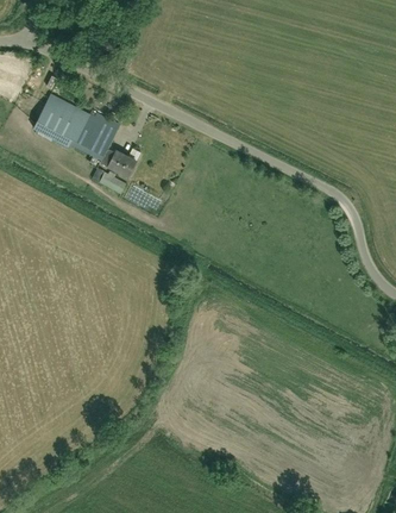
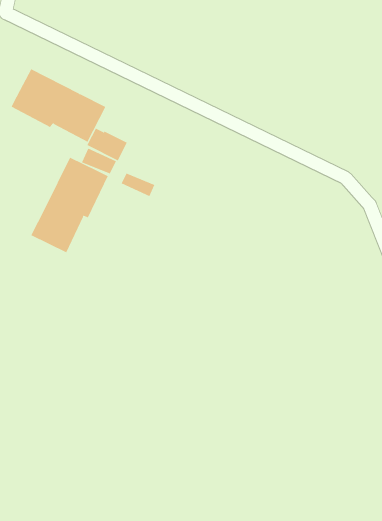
building: none -> [30,157,108,253]

